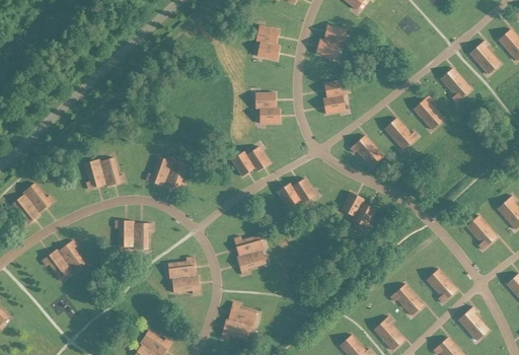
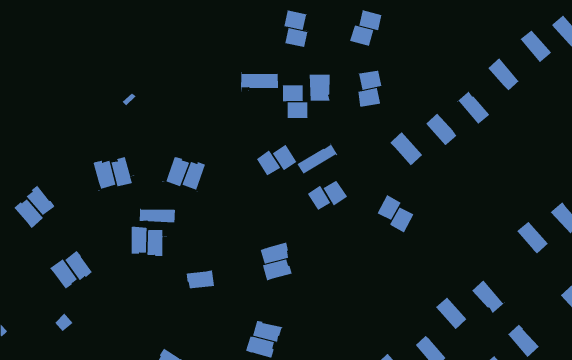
building: none -> [241,72,278,94]
building: none -> [308,74,337,102]
building: none -> [296,140,338,175]
building: none -> [139,207,175,226]
building: [169,275,200,294] -> none

